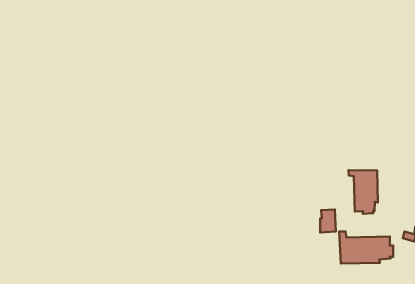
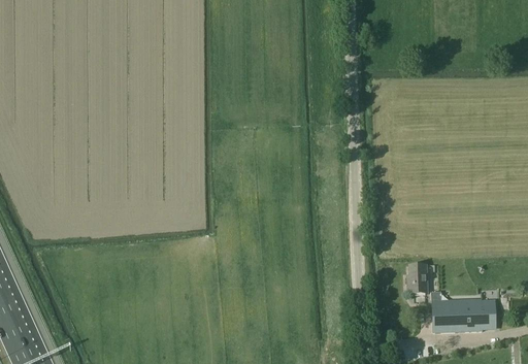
building: [349,170,378,214] -> none

